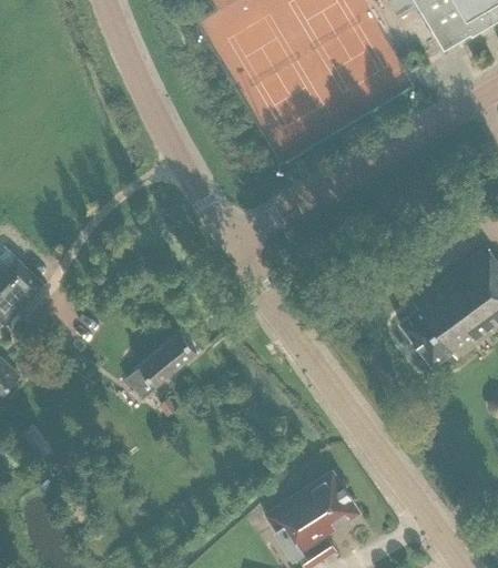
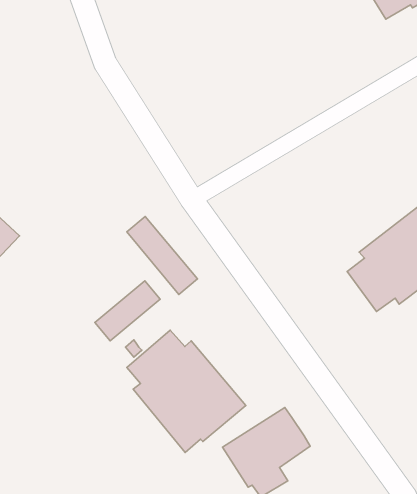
building: none -> [127,216,197,294]
building: none -> [127,330,246,452]

